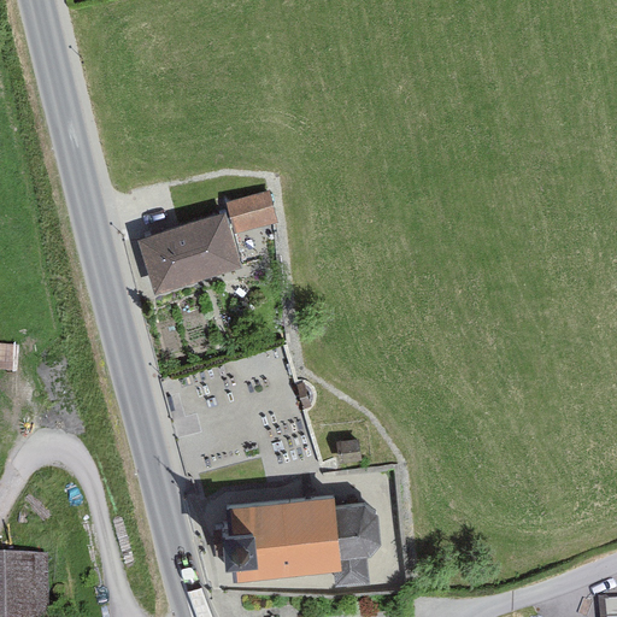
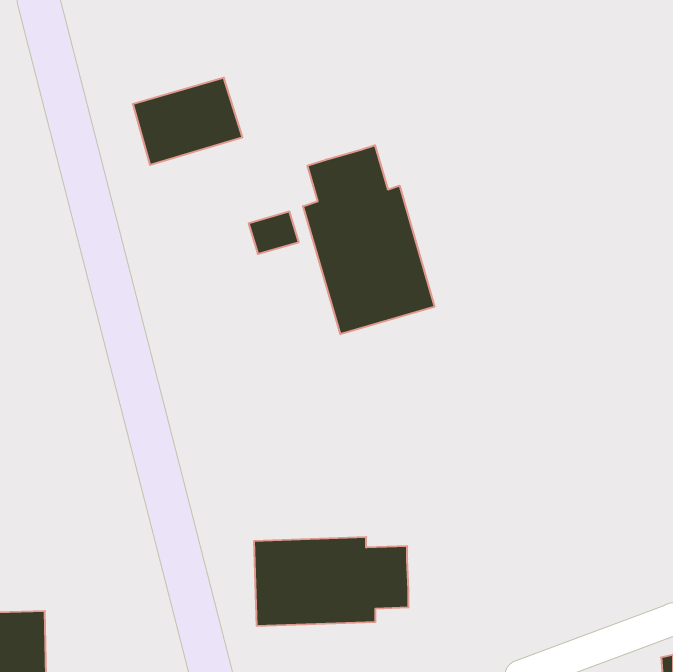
building: none -> [303,145,434,334]
building: [140,216,240,295] -> [133,78,242,165]

